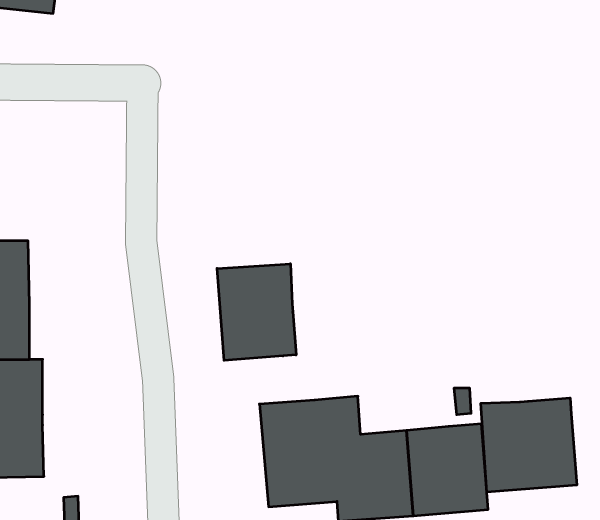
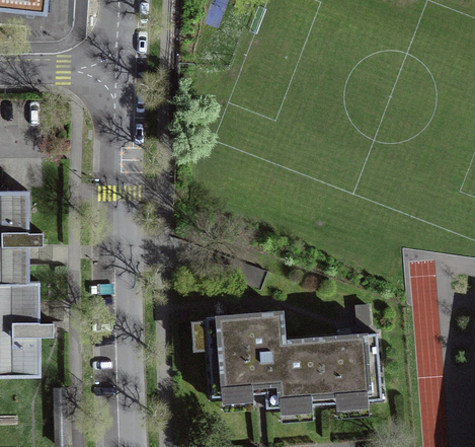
building: [217,264,296,360] -> none
building: [481,398,577,492] -> none

